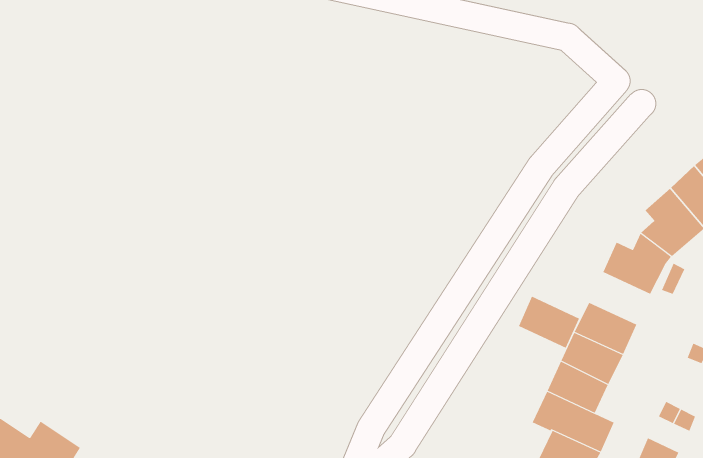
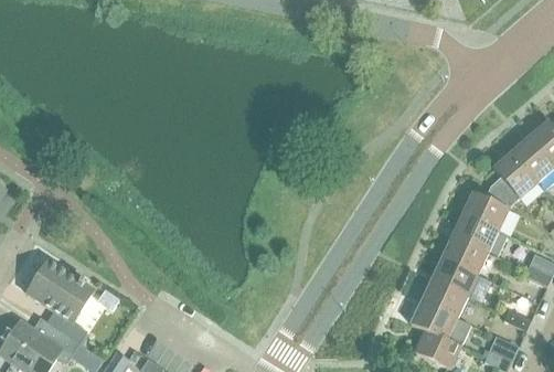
building: [518,296,580,349] -> [450,215,496,254]
building: none -> [25,262,92,344]

